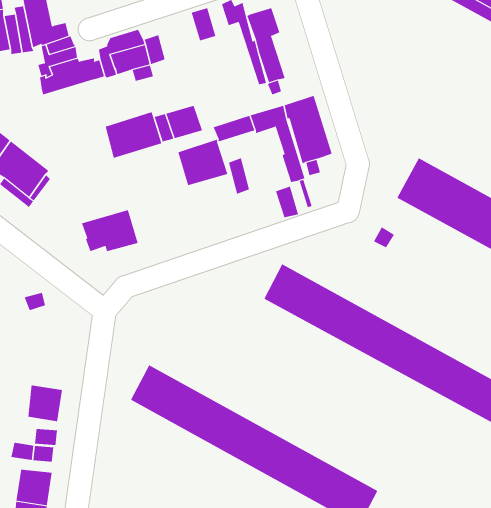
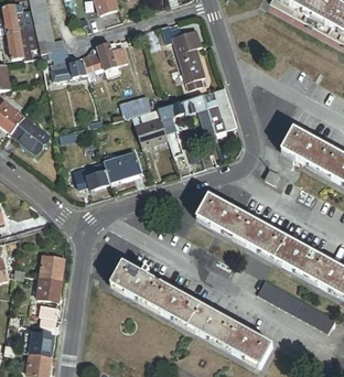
building: [105,111,162,159] -> [104,151,141,182]
building: none -> [39,255,63,279]
building: none -> [250,279,331,334]

